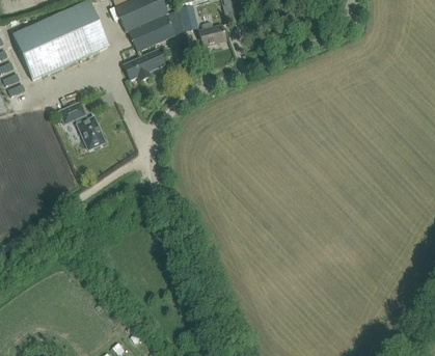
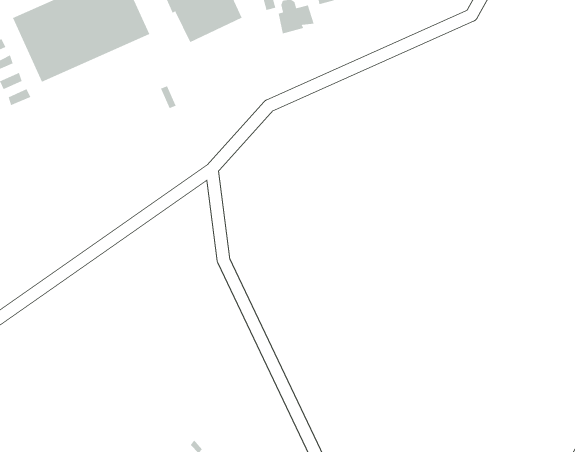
building: [124,49,164,81] -> none
building: [58,102,105,149] -> none

